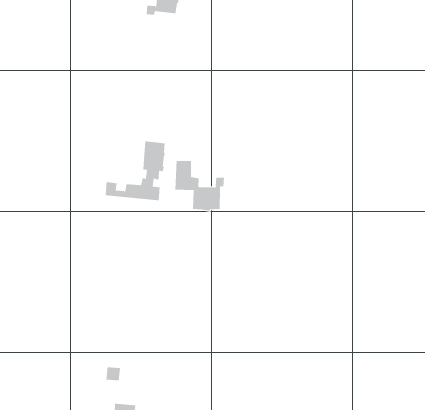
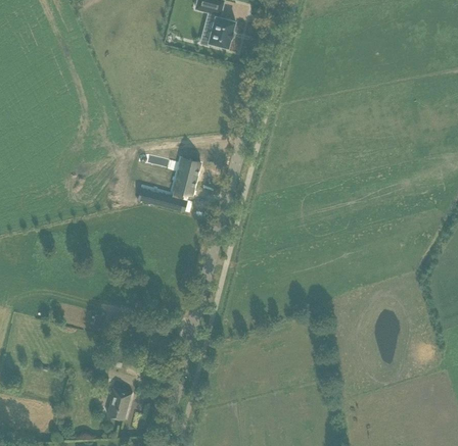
building: [175,160,224,211] -> none

